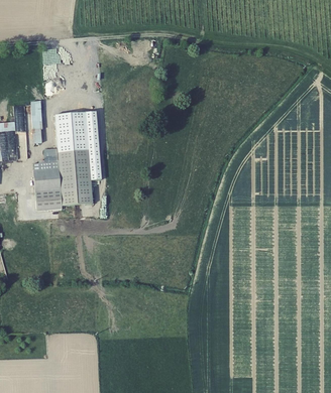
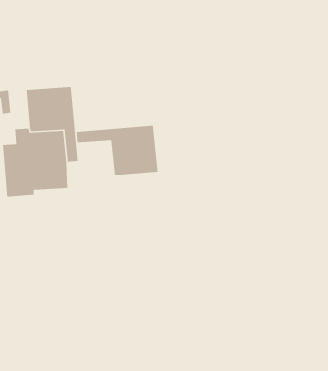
building: none -> [76,125,158,176]

